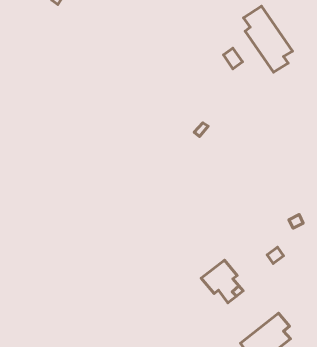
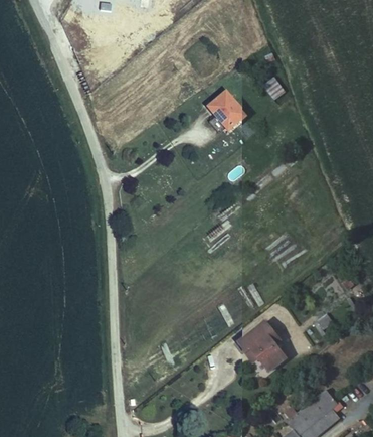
building: [244,6,292,72] -> none
building: none -> [208,89,245,126]

